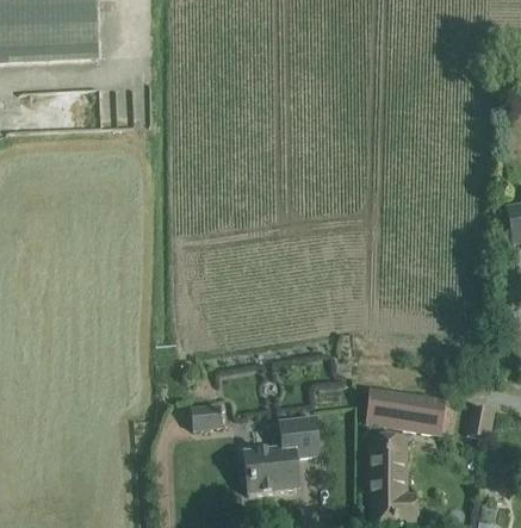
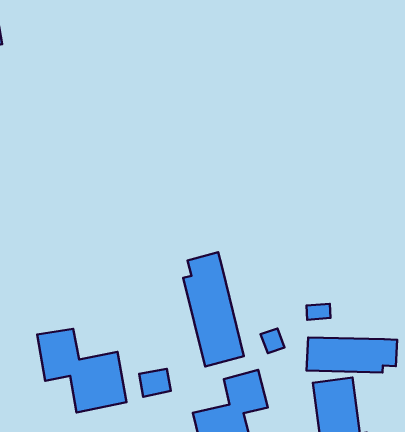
building: none -> [183,252,244,367]
building: none -> [37,329,127,412]

